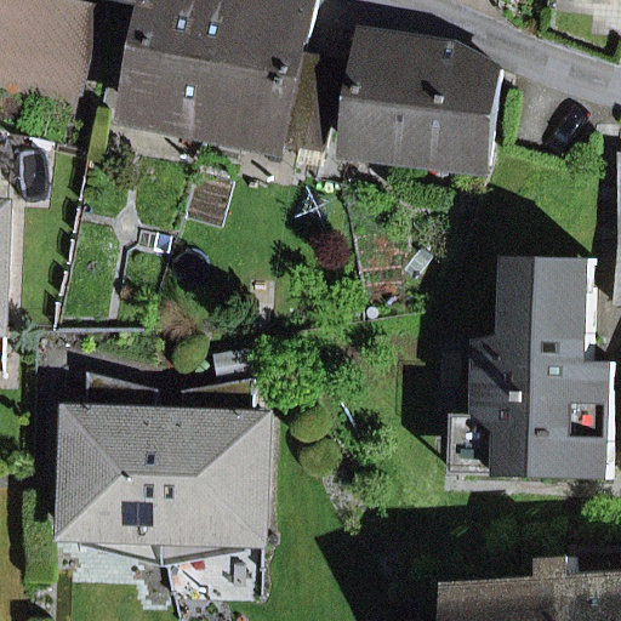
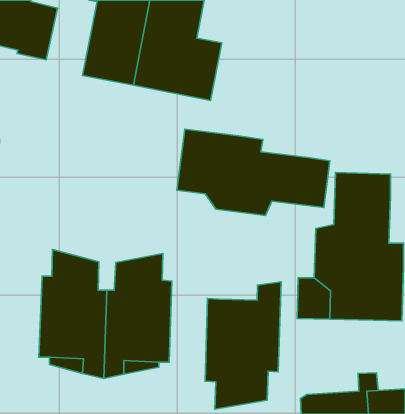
building: [342,34,492,166] -> none
building: none -> [177,129,330,215]
building: none -> [205,282,281,409]

